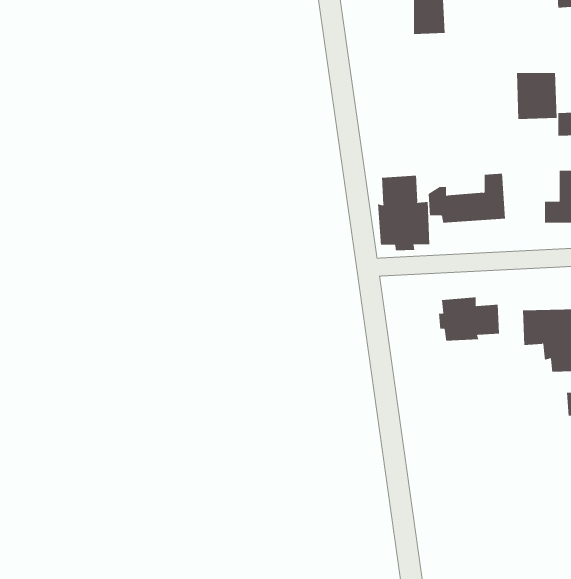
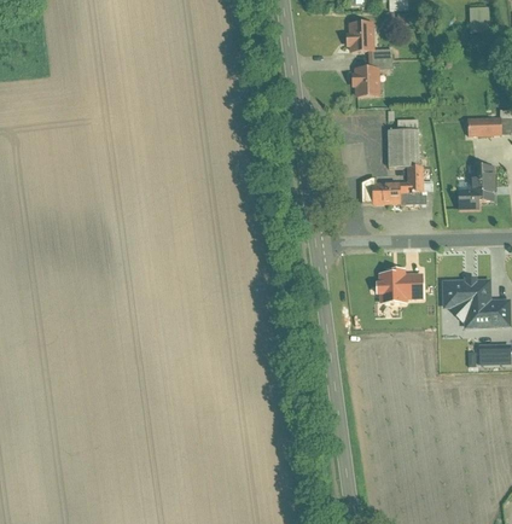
building: none -> [353,66,383,98]
building: [516,72,557,120] -> [388,128,421,167]
building: [377,175,430,251] -> none

